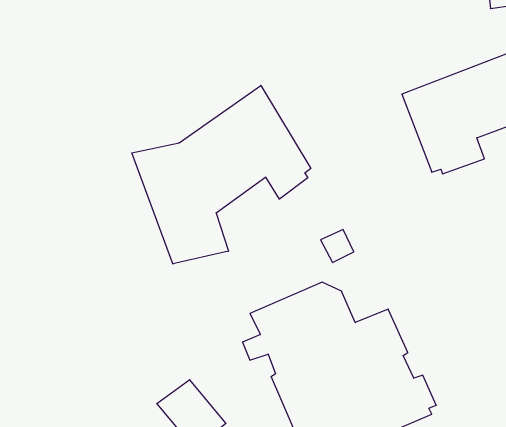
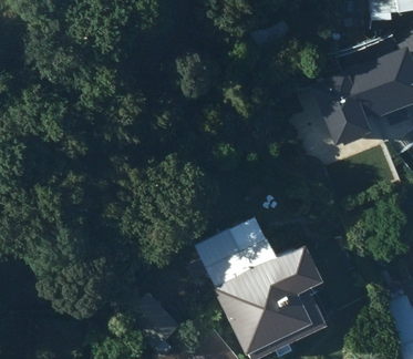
building: [132,85,311,264] -> none

